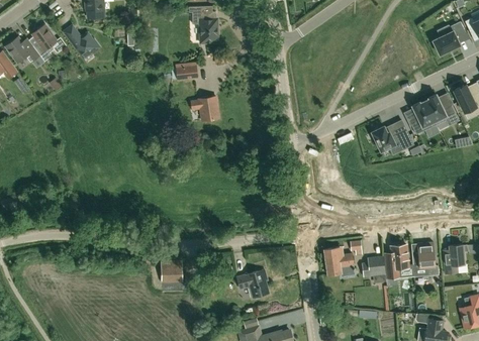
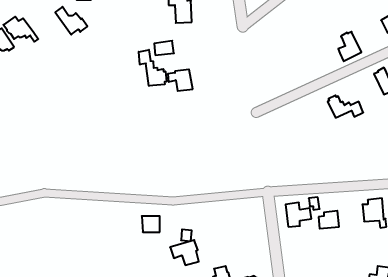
building: [32,24,57,62] -> none
building: none -> [139,50,166,86]
building: [409,101,436,134] -> [338,32,361,61]
building: [384,244,408,277] -> none
building: [236,268,269,297] -> [170,240,199,265]

